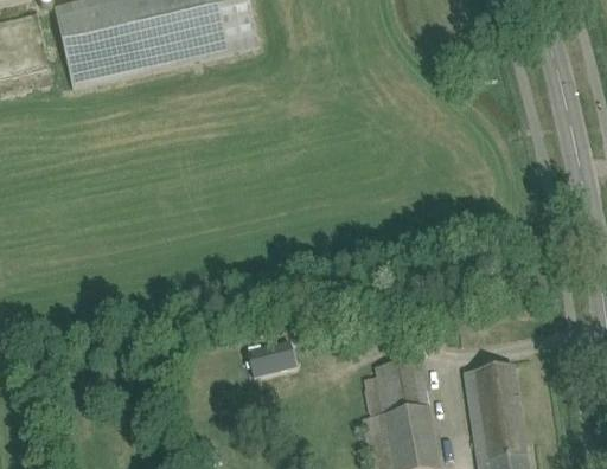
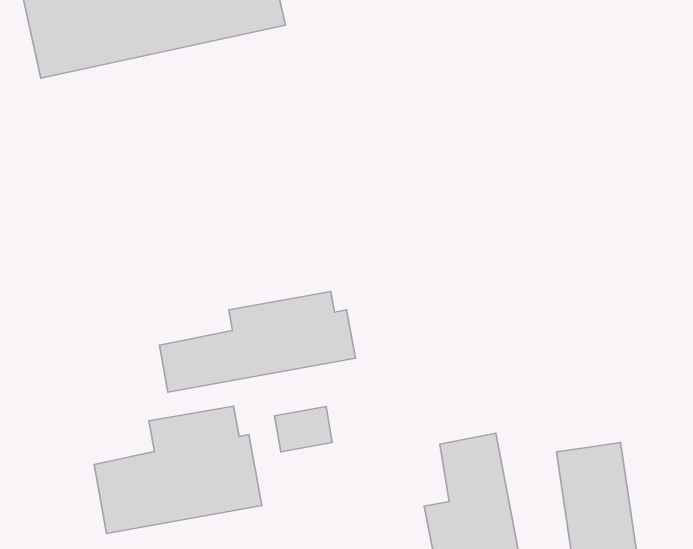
building: none -> [159,291,355,392]
building: none -> [94,406,262,534]

